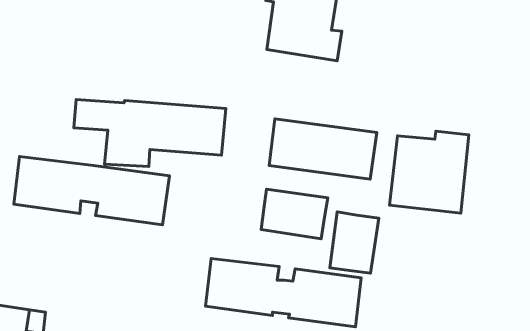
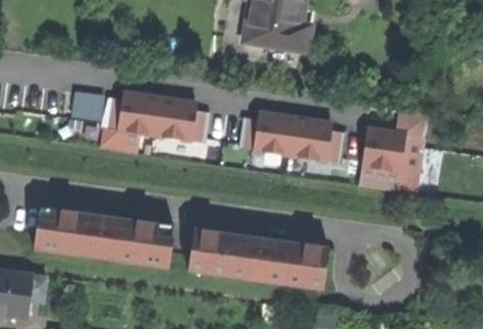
building: [14,157,169,225] -> [36,211,175,272]
building: [261,189,328,239] -> none
building: [330,212,379,273] -> none

